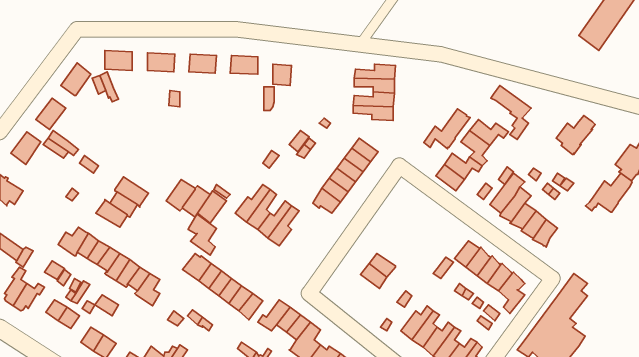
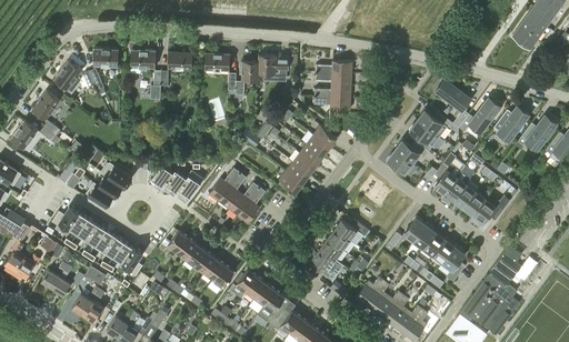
building: none -> [258,56,288,80]
building: [424,109,470,149] -> [459,98,500,133]
building: [586,173,632,212] -> [515,115,556,150]
building: [188,214,217,255] -> none
building: none -> [335,219,369,244]
building: none -> [309,248,341,281]

